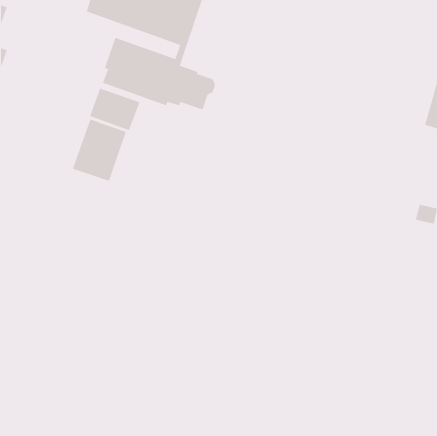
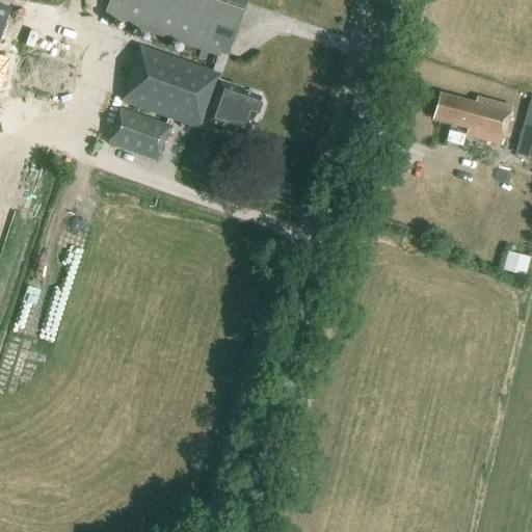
building: none -> [434,92,513,144]
building: [72,118,127,182] -> none

